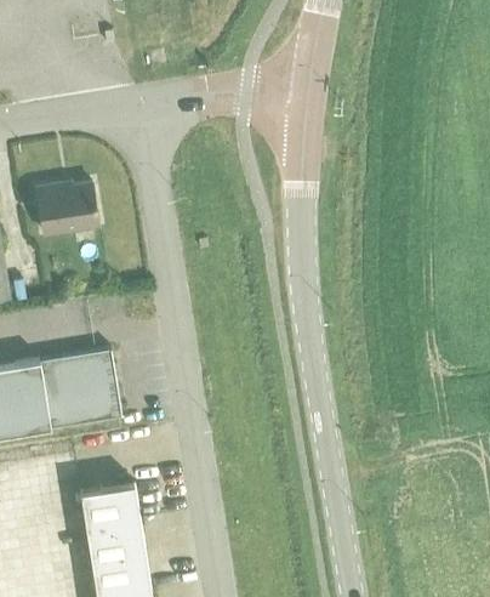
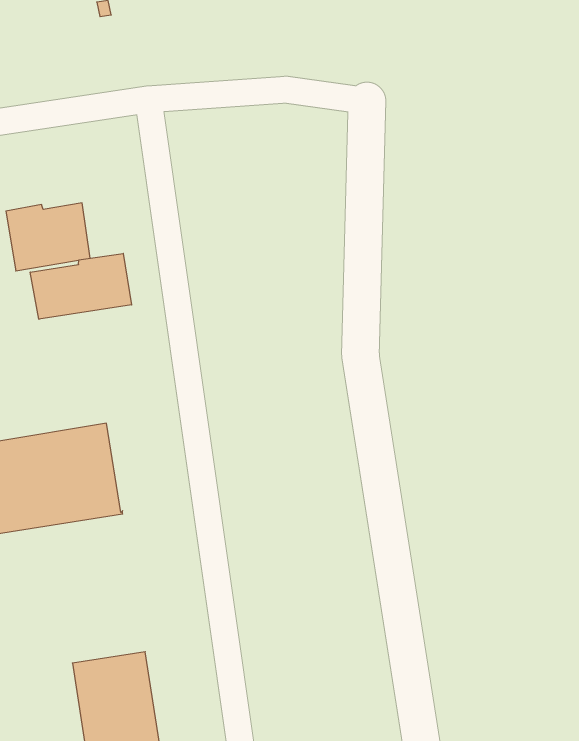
building: none -> [30,253,132,319]
building: [80,485,141,530] -> none

